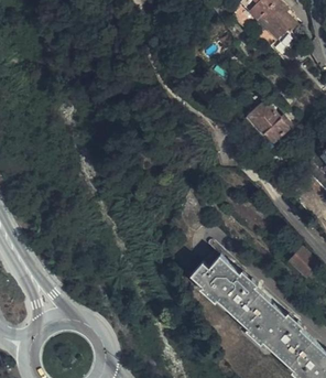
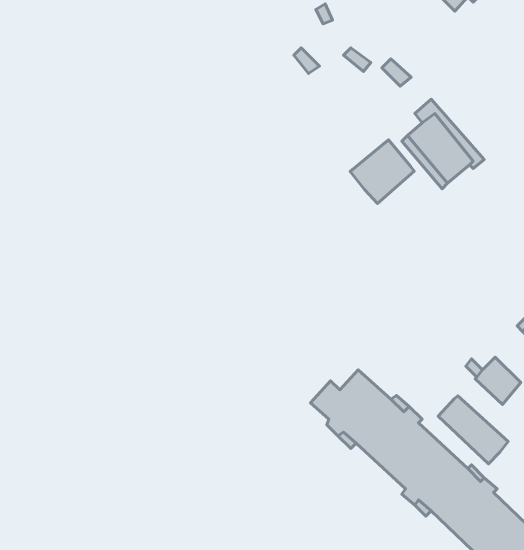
building: none -> [350,140,414,203]
building: none -> [438,396,508,464]

